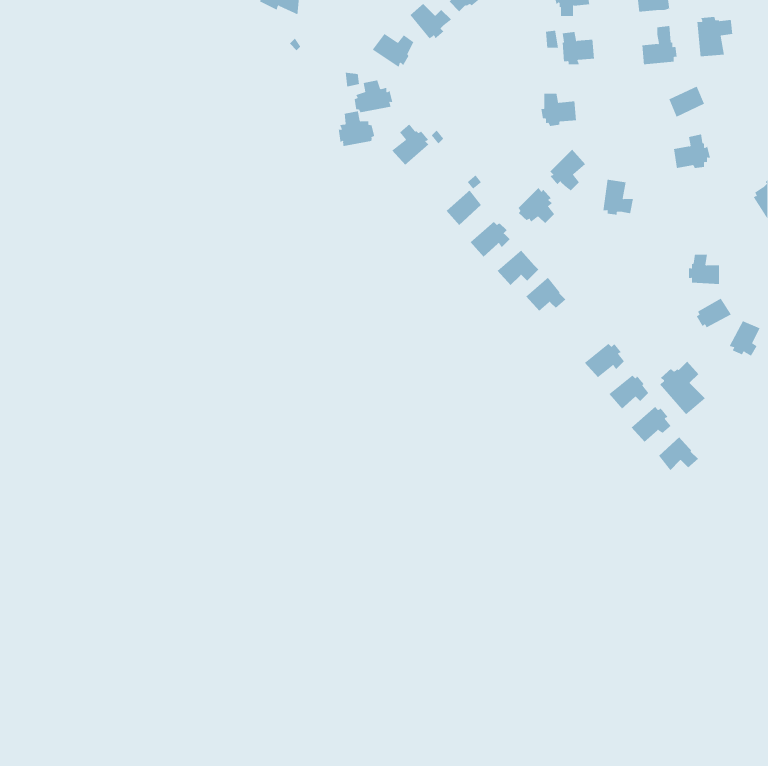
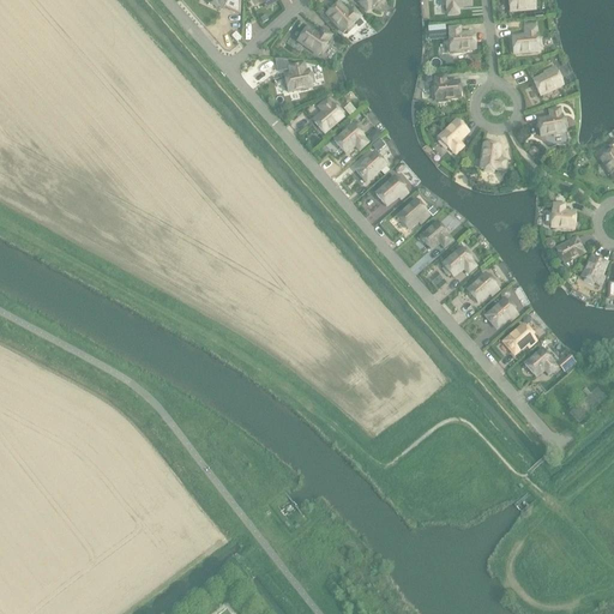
building: [697,16,733,57] -> none
building: [338,111,375,147] -> none
building: none -> [333,124,367,151]
building: [518,187,555,224] -> none
building: none -> [441,247,475,276]
building: [659,361,706,415] -> none

